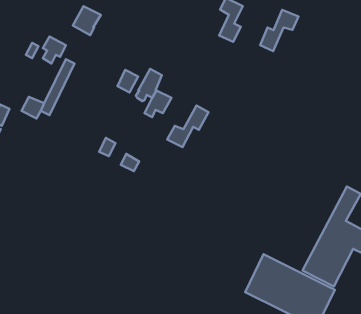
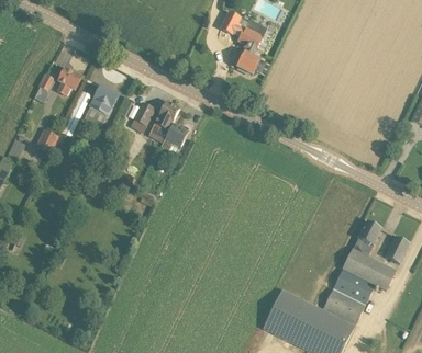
building: [73,6,101,35] -> [90,86,119,115]
building: [260,10,299,51] -> none
building: [167,105,208,147] -> none

